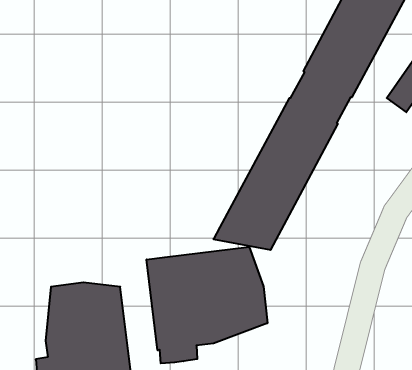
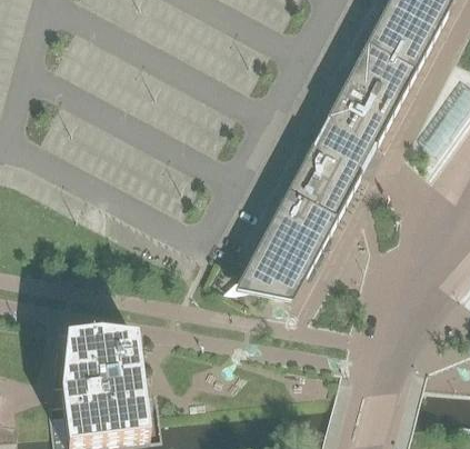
building: [147,247,267,363] -> none

